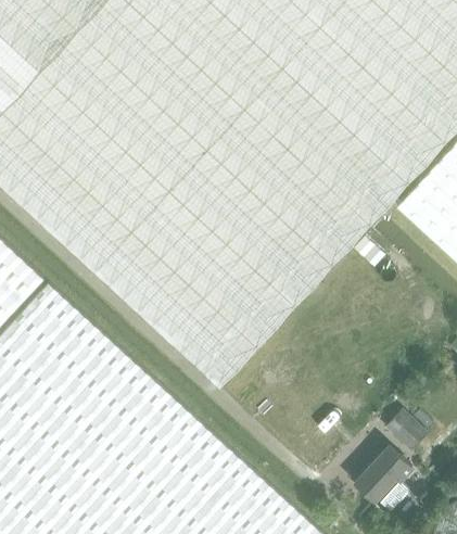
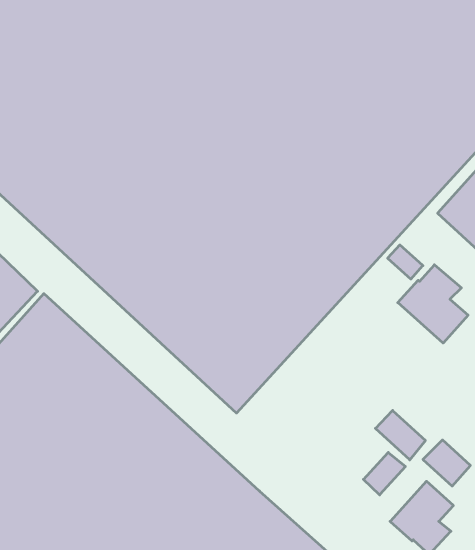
building: none -> [398,265,468,343]
building: none -> [375,410,425,460]
building: none -> [363,452,405,495]

